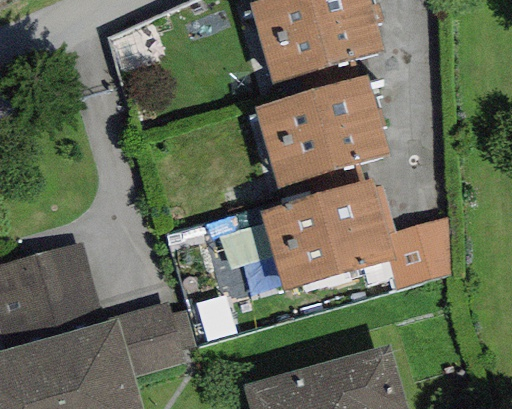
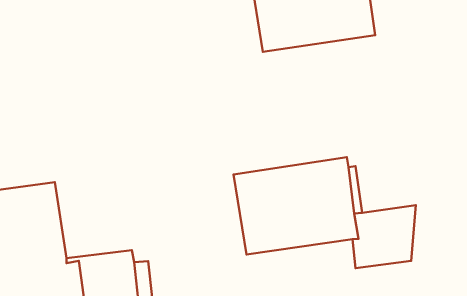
building: [254,75,388,188] -> none

